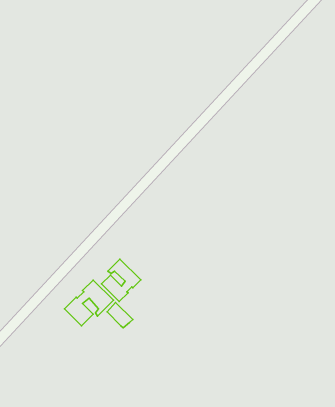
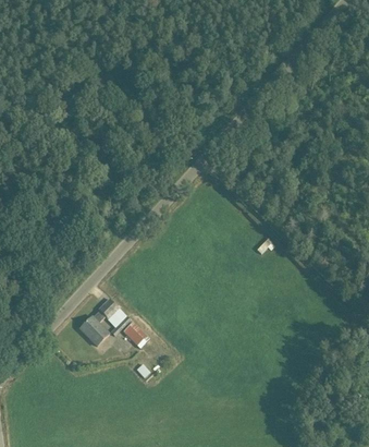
building: [102,259,141,302] -> none

